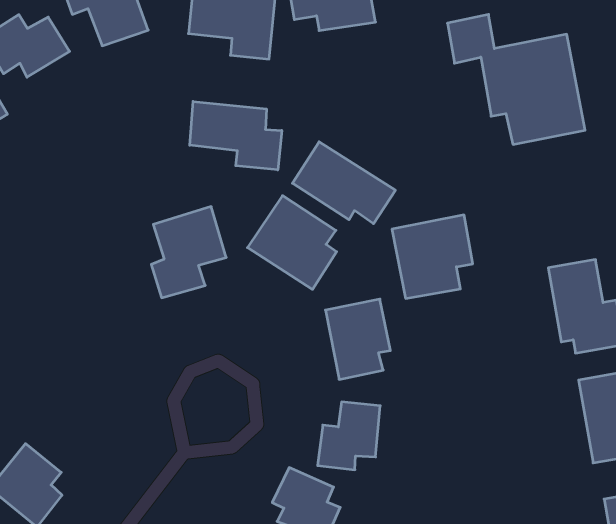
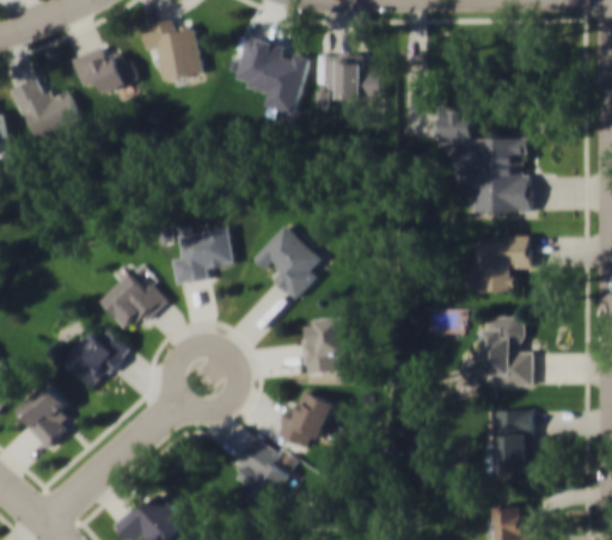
building: [190,101,282,170] -> none
building: [292,142,395,224] -> none
building: [392,215,473,298] -> [472,235,531,293]
building: none -> [98,275,167,327]
building: none -> [65,330,130,391]

